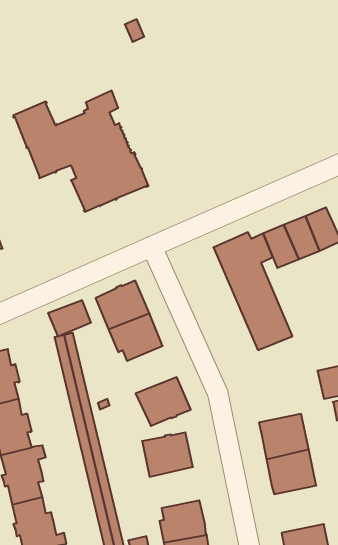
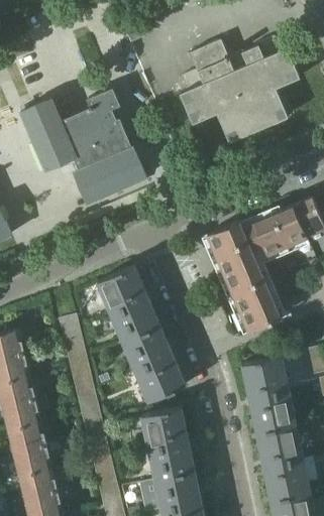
building: none -> [180,38,299,143]
building: [48,300,91,336] -> none
building: none -> [126,328,173,372]
building: none -> [242,357,289,399]
building: none -> [147,440,194,479]
building: none -> [263,458,310,502]

